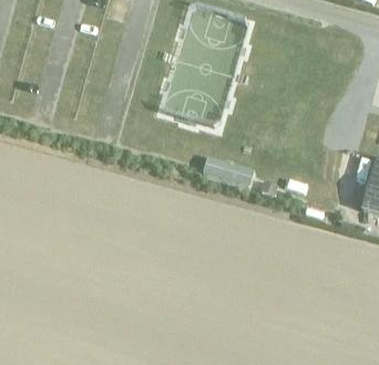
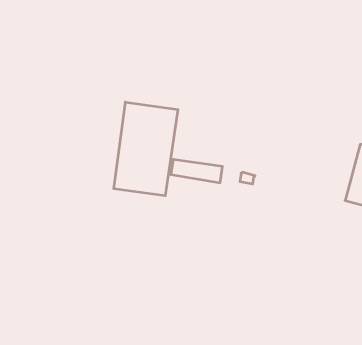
building: none -> [114,102,178,196]

